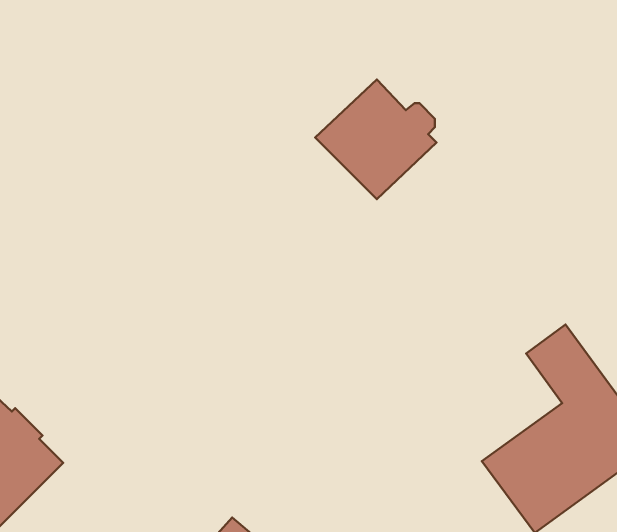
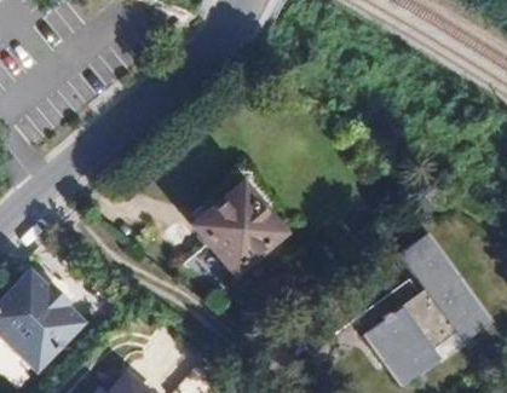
building: [315,79,437,199] -> [190,185,276,270]

